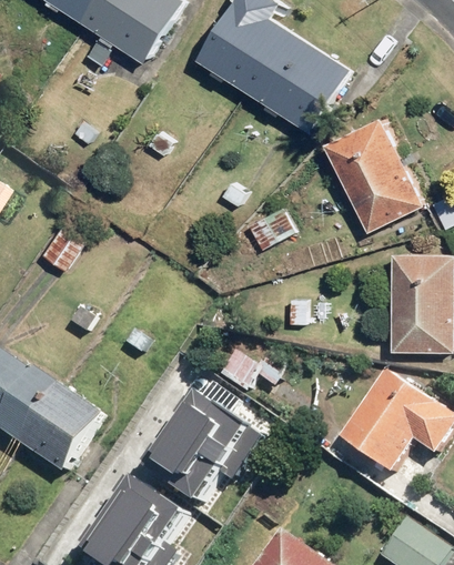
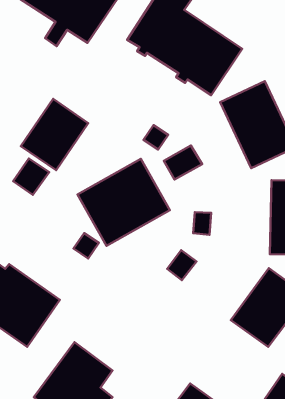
building: none -> [21,99,88,170]
building: none -> [78,159,170,246]
building: [138,372,263,494] -> none

